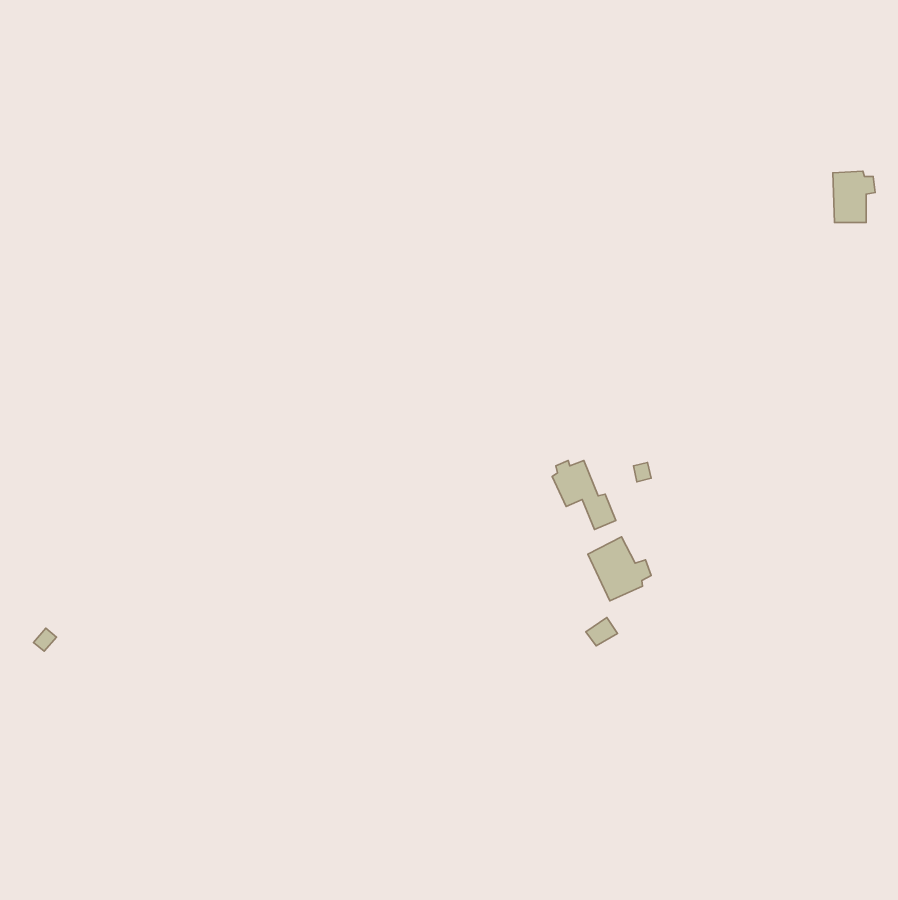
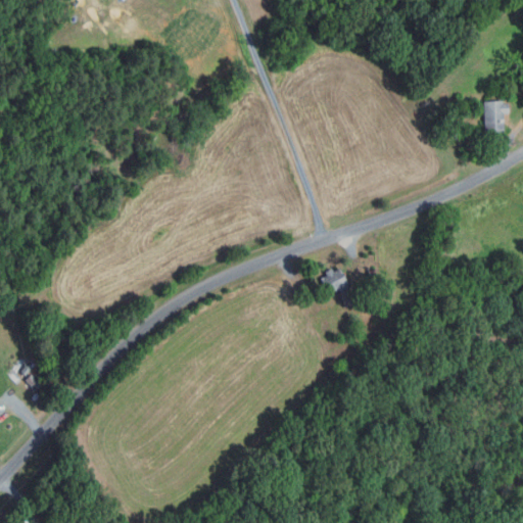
building: [588,537,651,601] -> none

